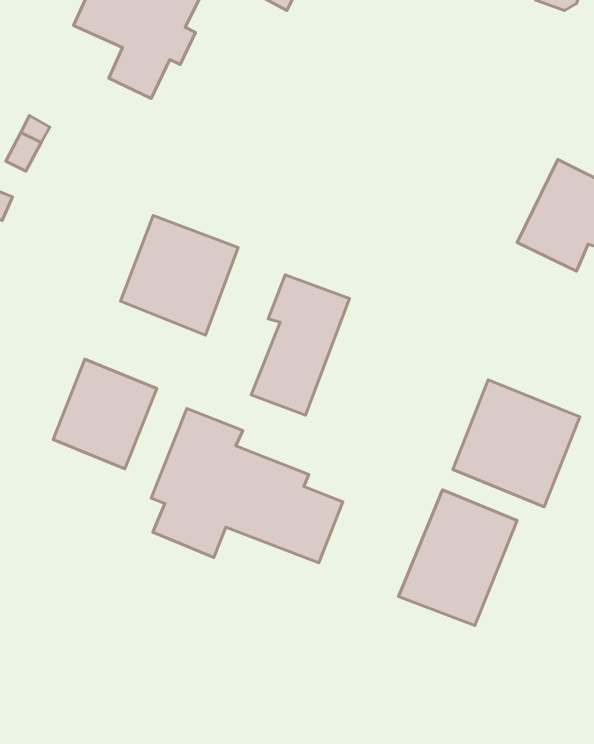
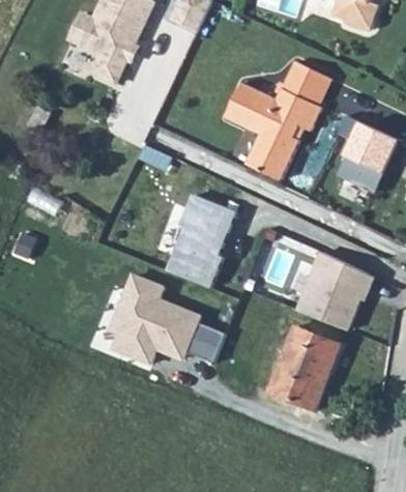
building: none -> [223,62,326,178]
building: [120,216,238,335] -> none
building: [53,359,157,469] -> none

